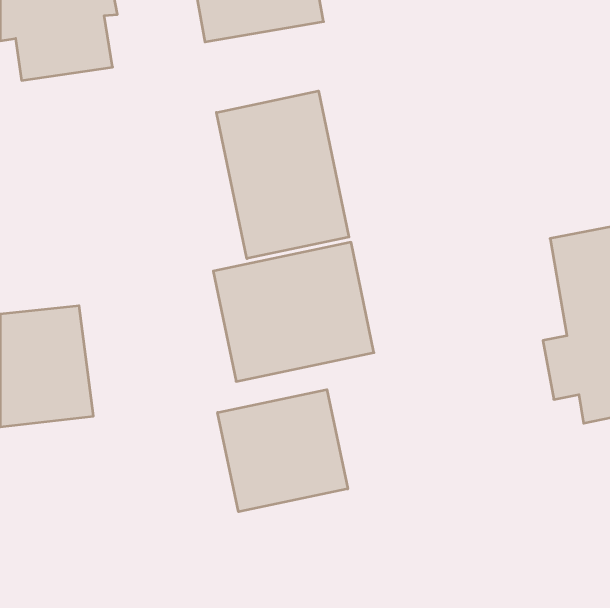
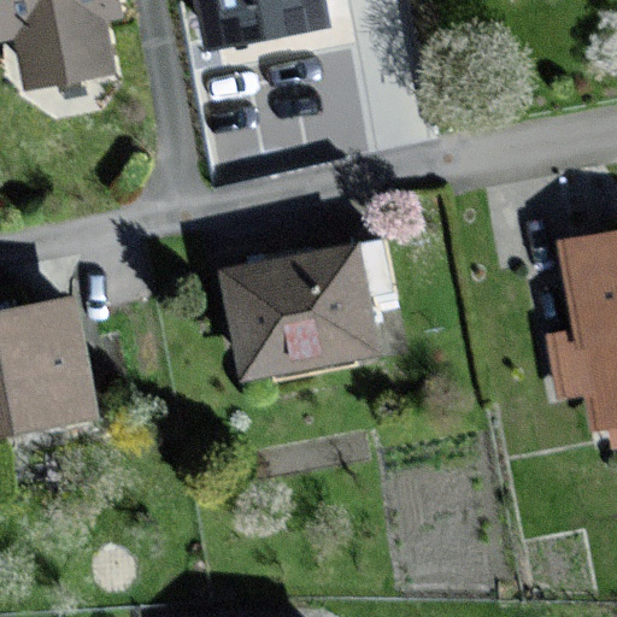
building: [216,91,349,259] -> none
building: [218,390,348,512] -> none

